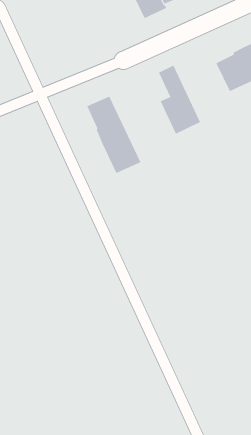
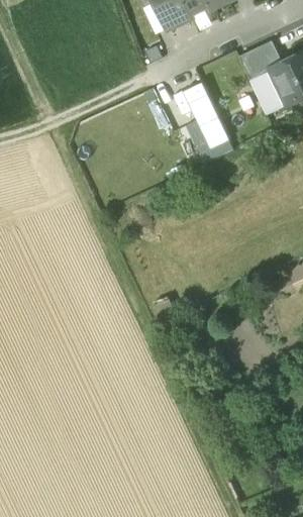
building: none -> [238,40,282,81]
building: [87,96,141,174] -> none

